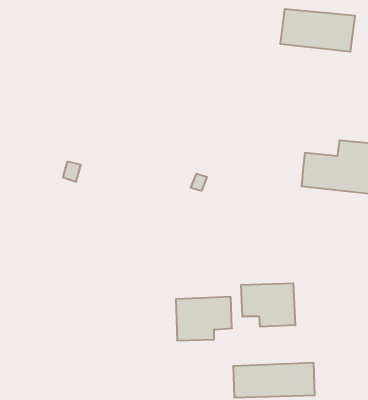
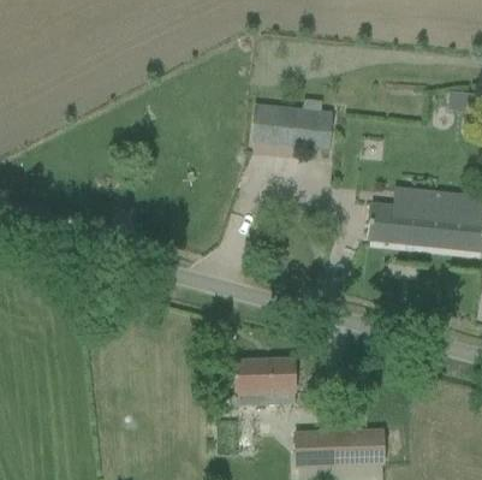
building: [280,9,355,52] -> [252,102,333,148]
building: [241,283,295,327] -> none

